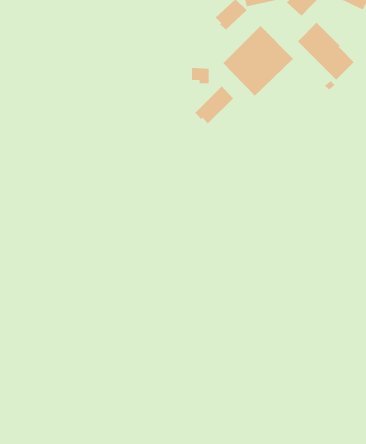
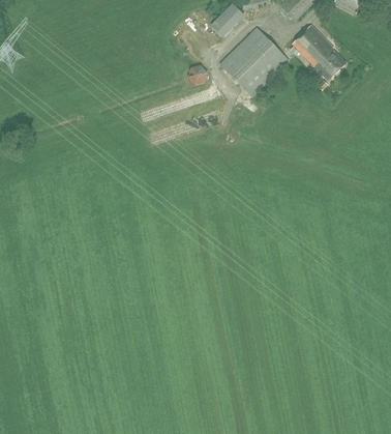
building: [194,86,234,124] -> none

